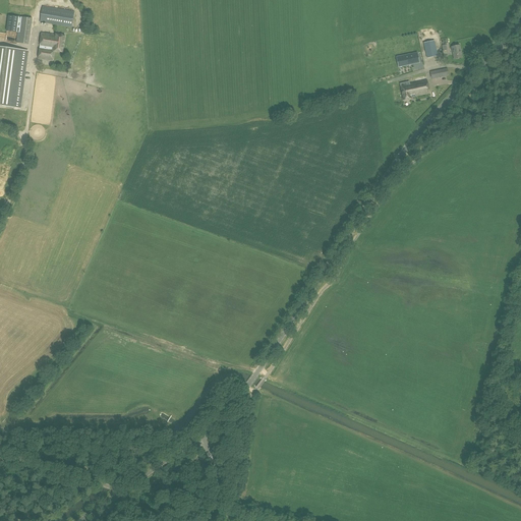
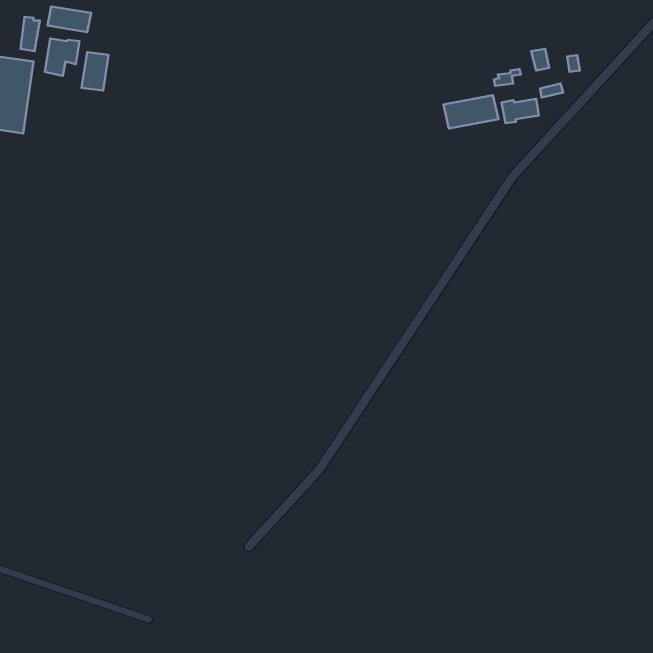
building: none -> [82,52,109,90]
building: none -> [443,95,498,128]

